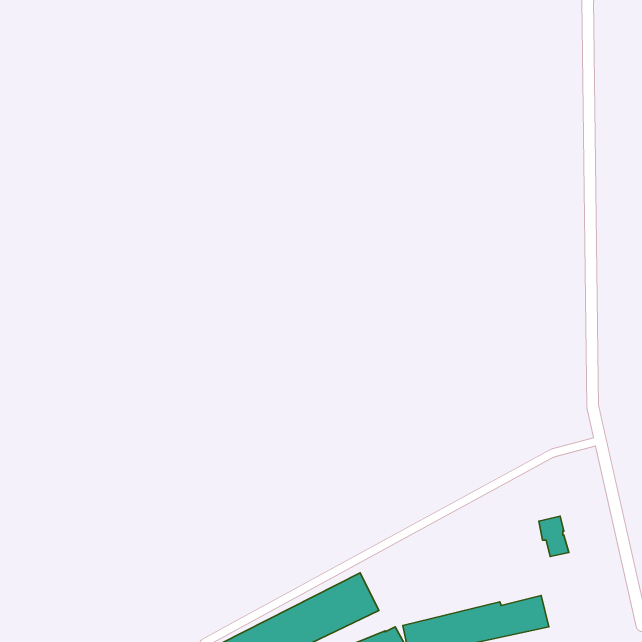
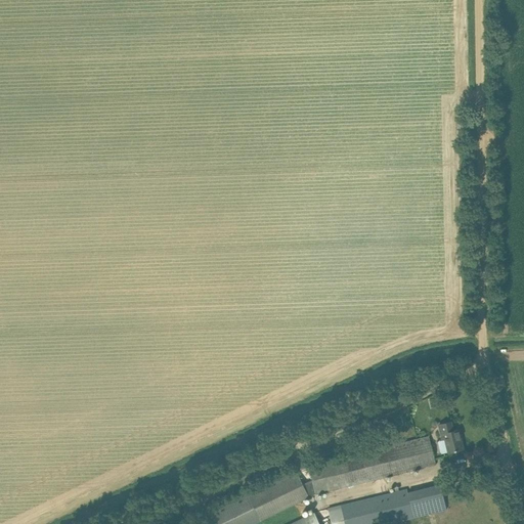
building: none -> [307,438,435,495]

